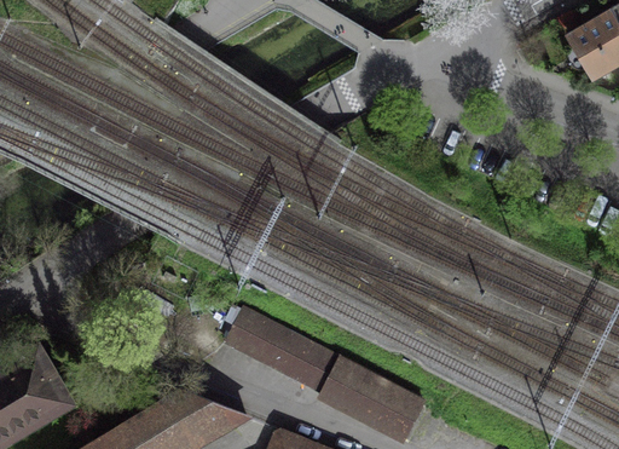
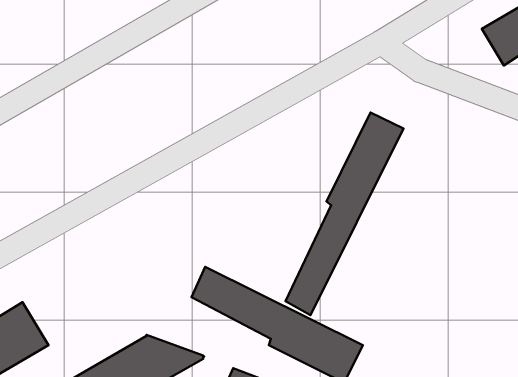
building: none -> [285,112,403,315]

